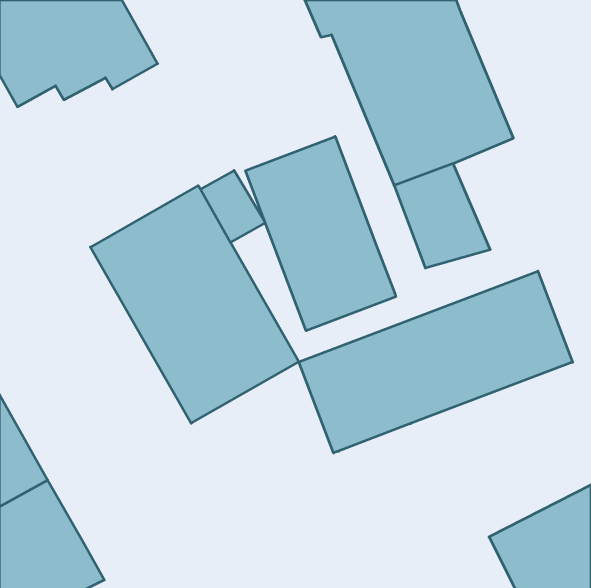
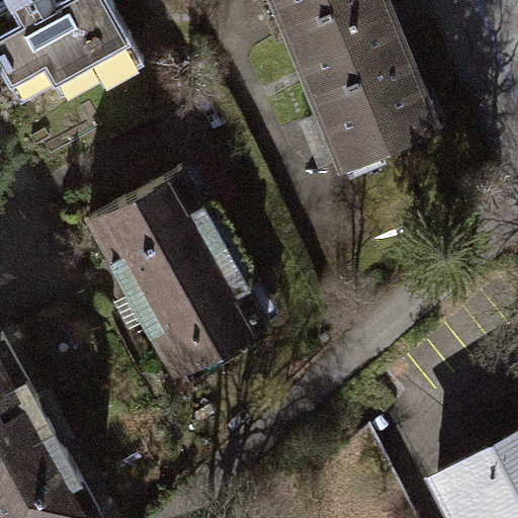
building: [246,136,396,331] -> none
building: [299,271,573,453] -> none

